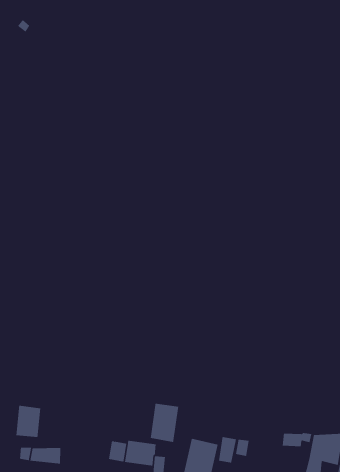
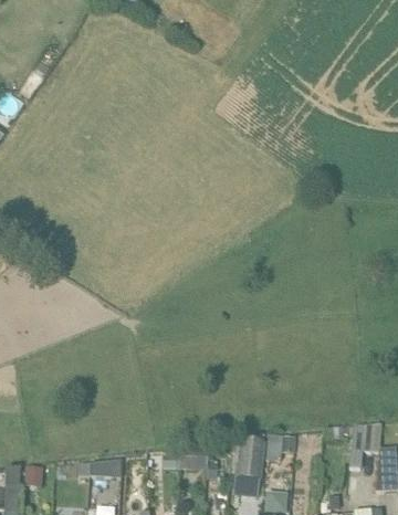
building: [150,403,179,443] -> none
building: [16,405,41,438] -> none

